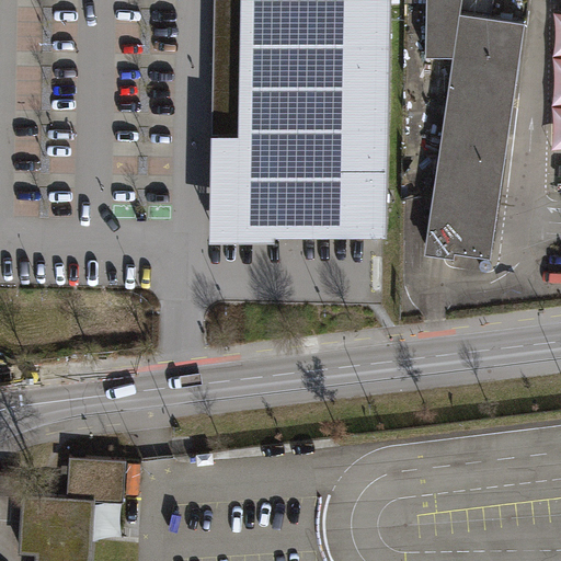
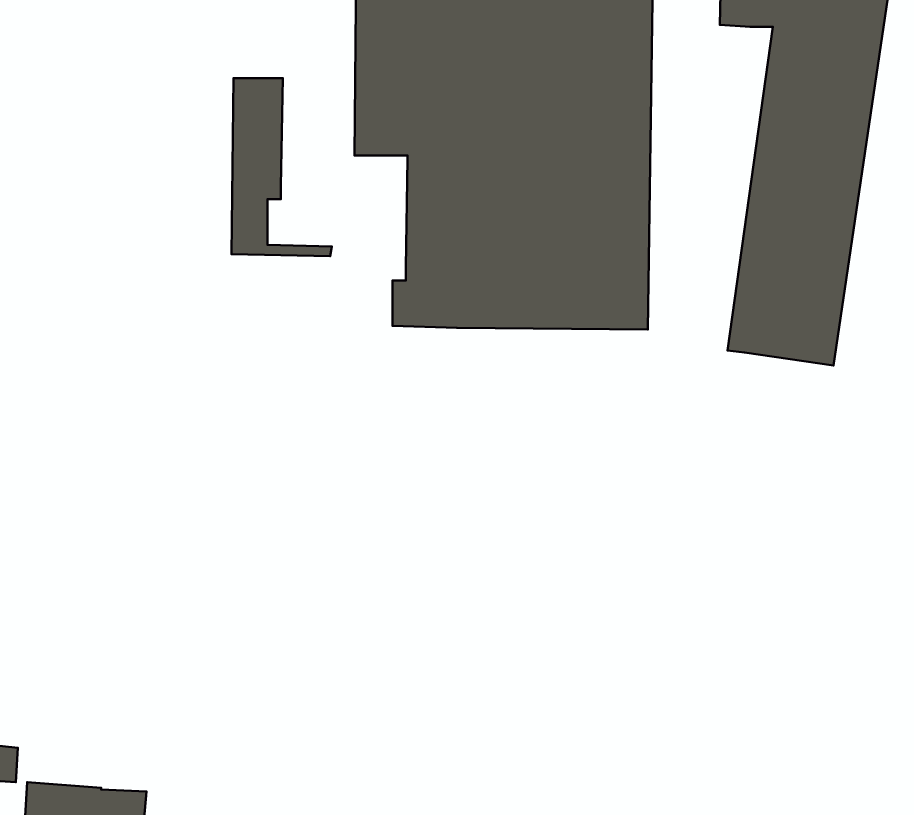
building: [216,135,274,238] -> [232,78,332,256]
building: [68,457,127,503] -> none

